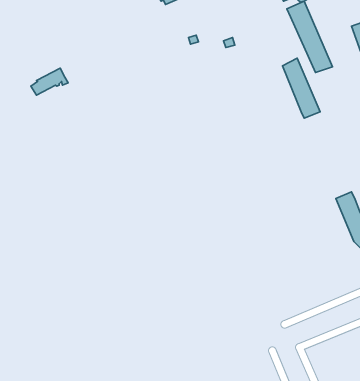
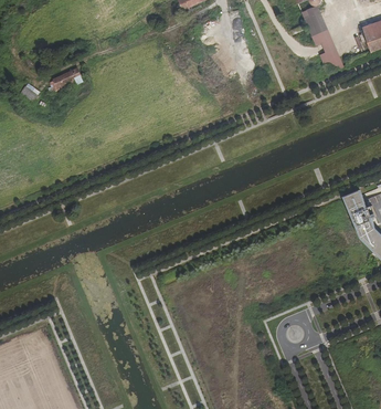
building: [282,58,320,118] -> none

